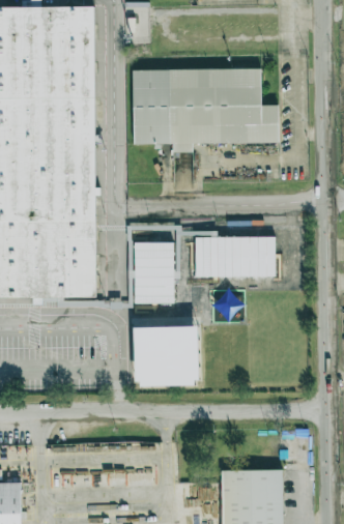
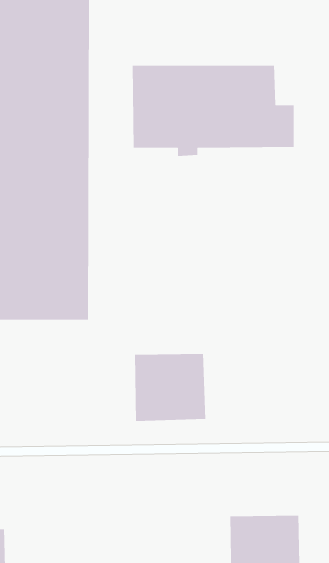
building: [195,237,275,278] -> none
building: [133,242,173,303] -> none

